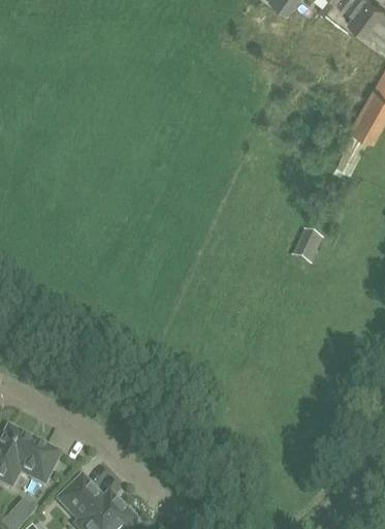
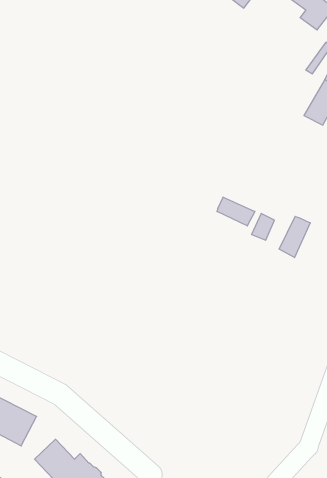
building: none -> [217,197,255,226]
building: none -> [279,216,310,258]

